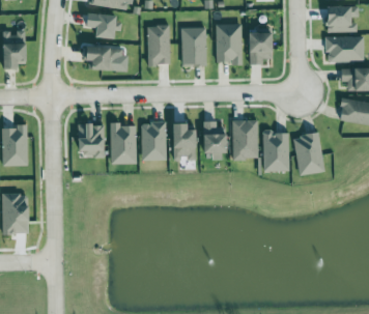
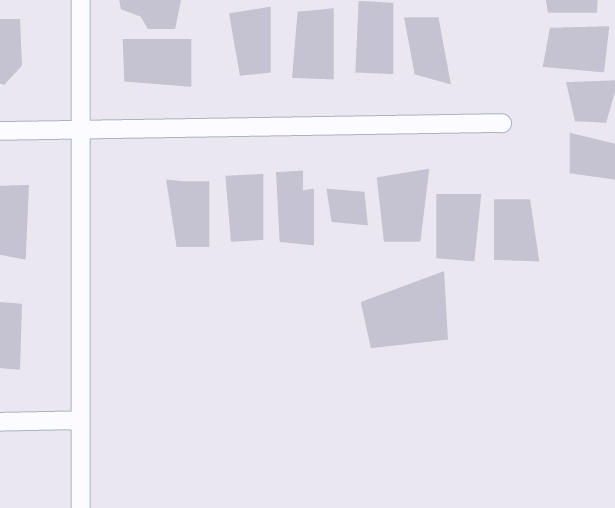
building: [78,124,105,158] -> none
building: none -> [360,270,449,349]

